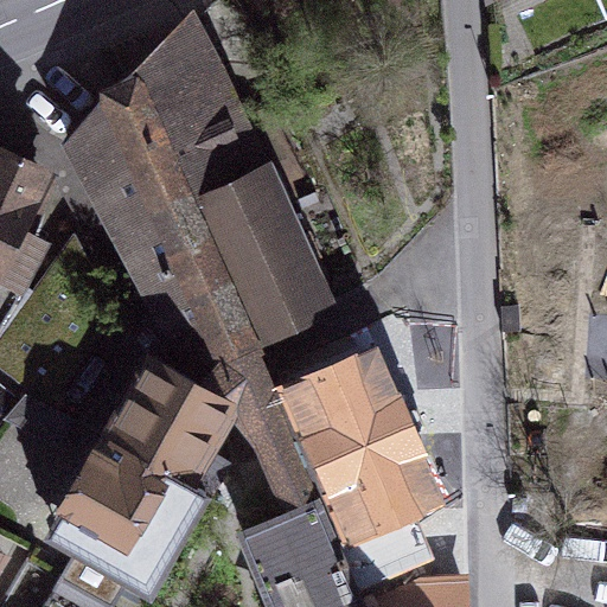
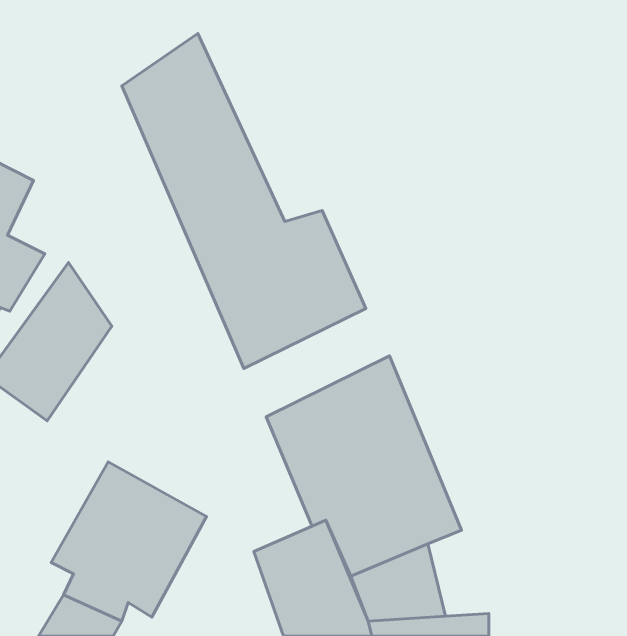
building: [63,89,226,364] -> none
building: [103,366,215,492] -> none

